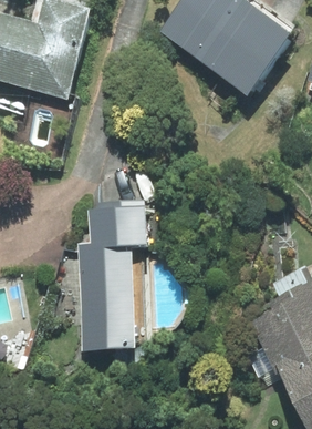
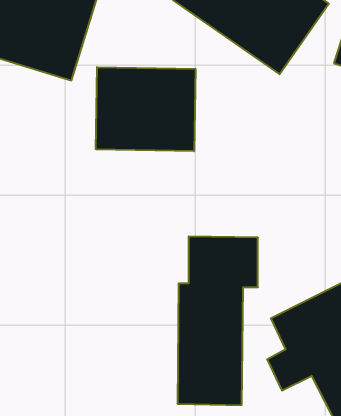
building: none -> [96,67,195,151]
building: [76,200,148,350] -> [177,236,258,405]

